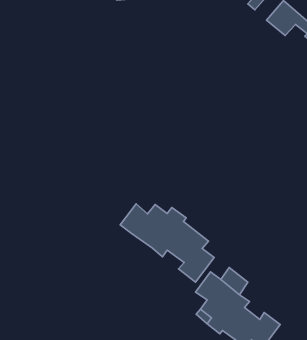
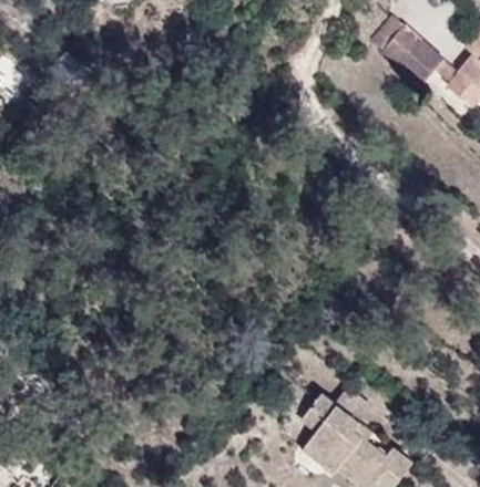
building: [120,204,214,282] -> none

